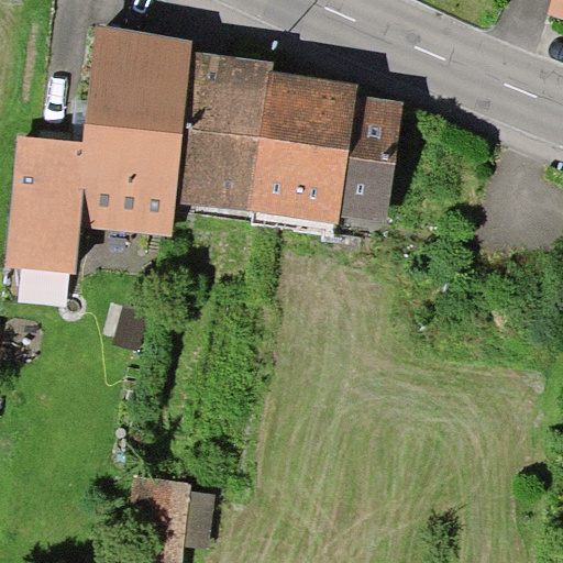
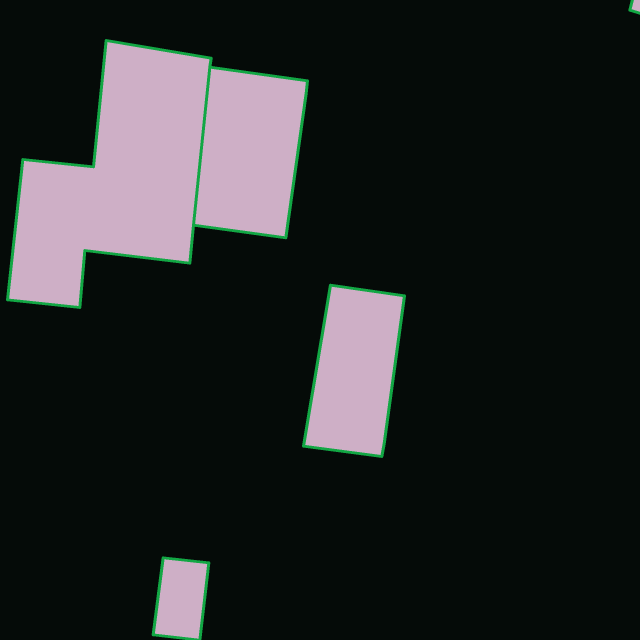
building: [254,81,398,212] -> none
building: none -> [304,285,404,457]

